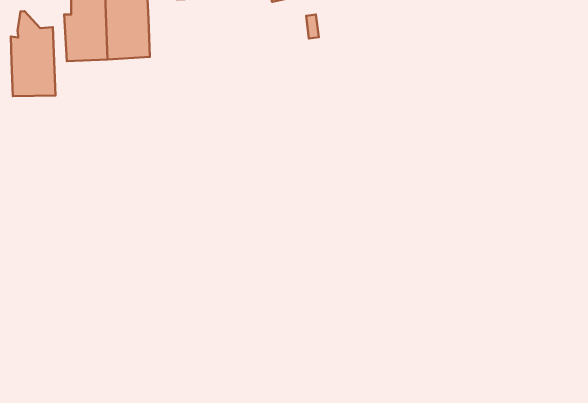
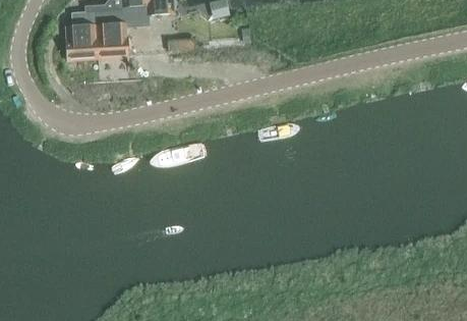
building: [11,11,55,96] -> none

